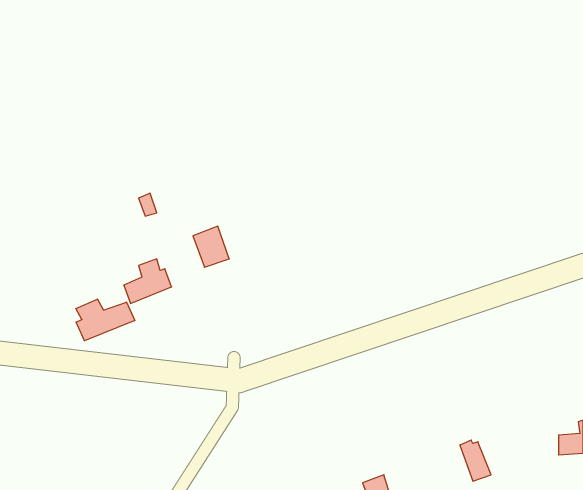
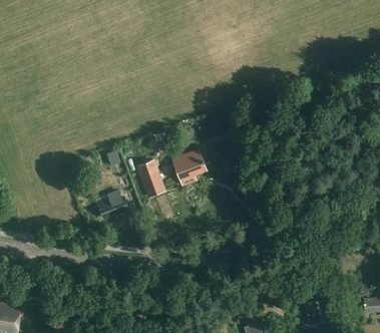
building: none -> [172,150,205,185]
building: [76,299,135,341] -> none

